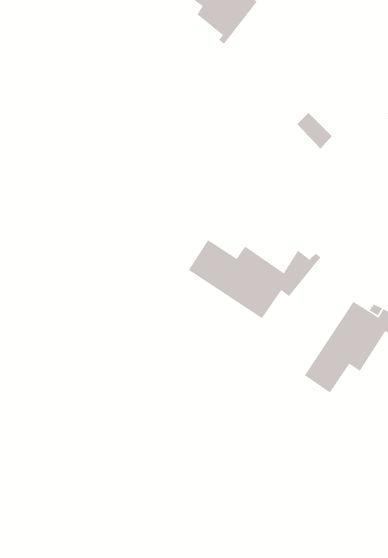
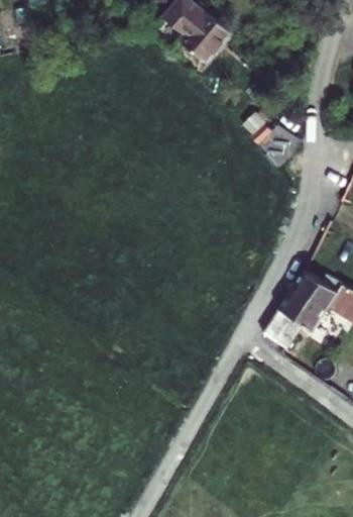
building: [188,239,321,319] -> none

